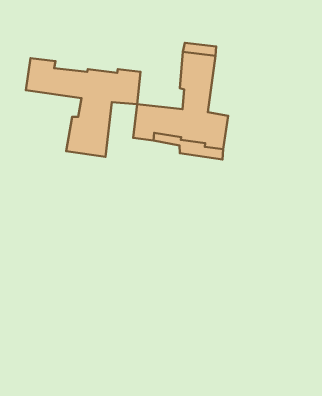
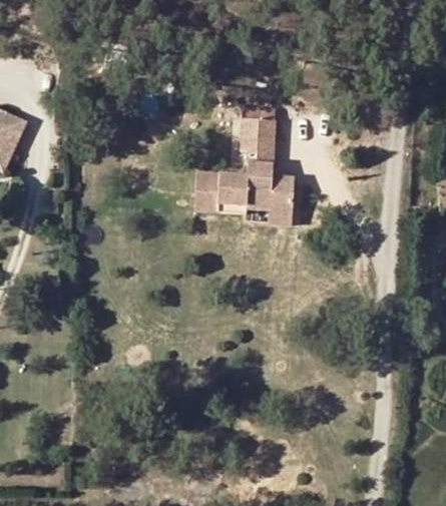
building: [26,58,141,157] -> none

